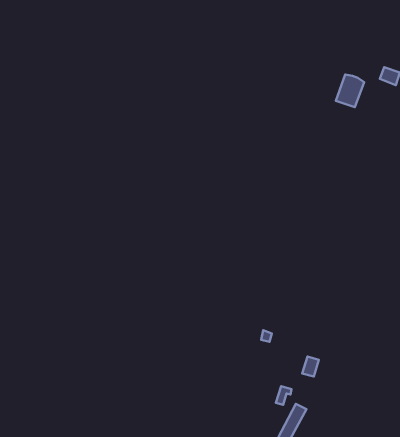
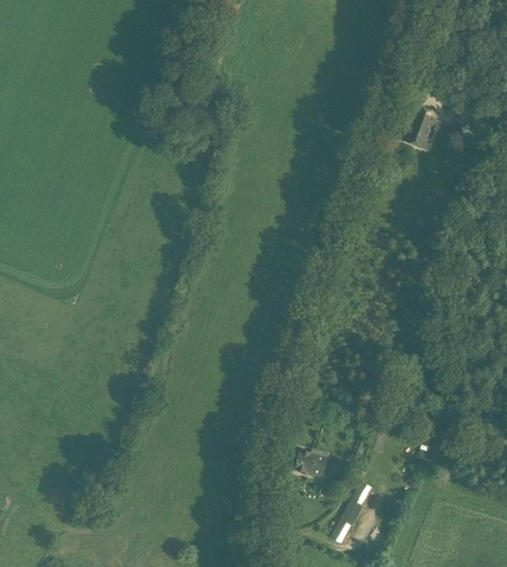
building: none -> [299,452,329,477]

